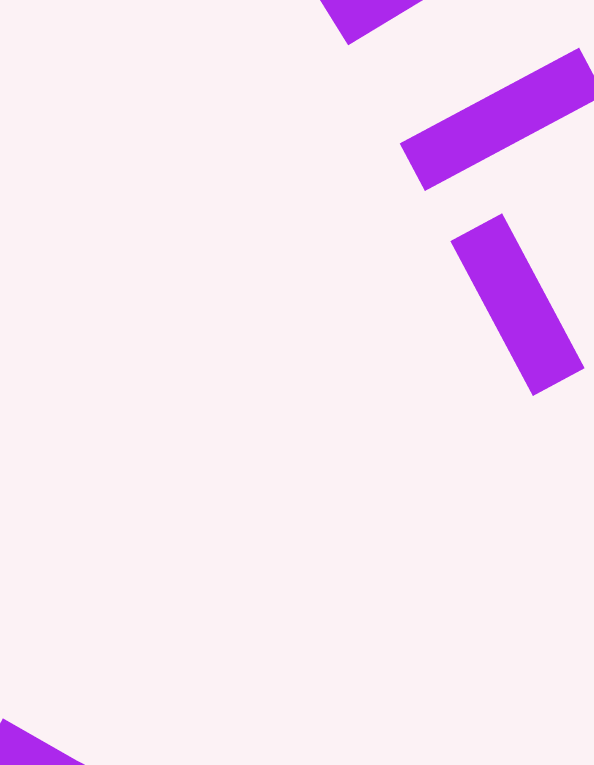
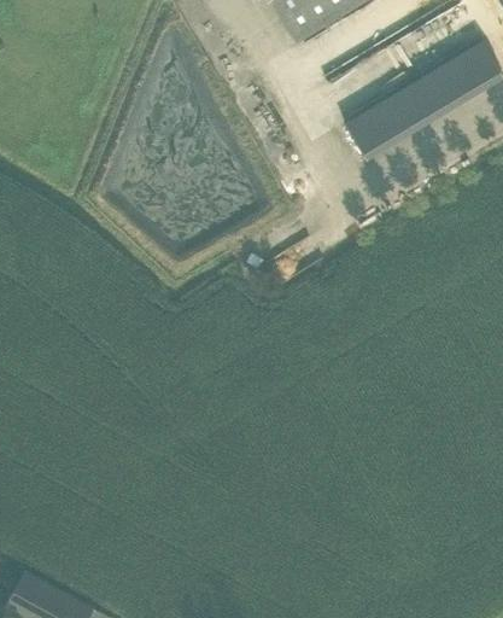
building: [449,212,586,397] -> none

